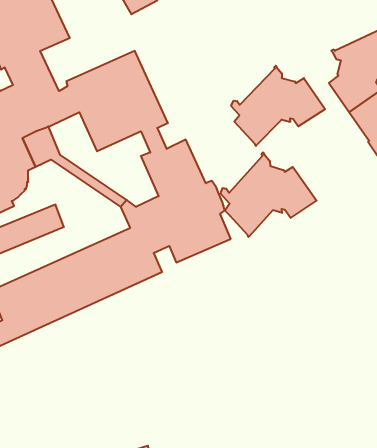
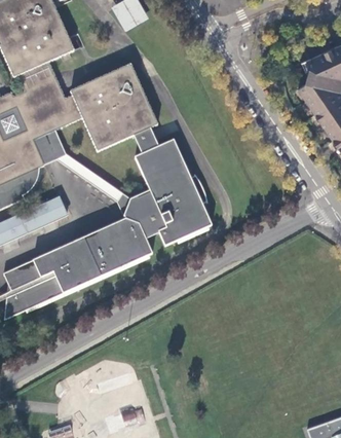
building: [231,66,325,146] -> none
building: [221,152,317,237] -> none

